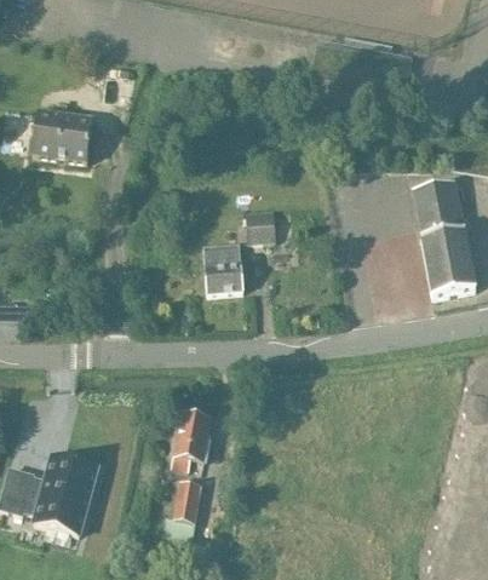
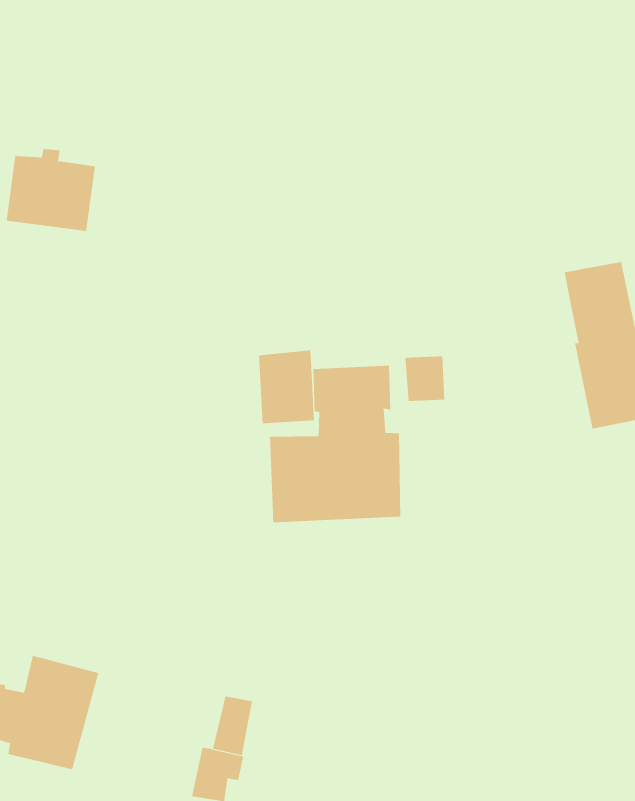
building: [247,212,275,243] -> [404,356,445,402]
building: none -> [270,365,401,523]
building: [174,413,211,471] -> none

